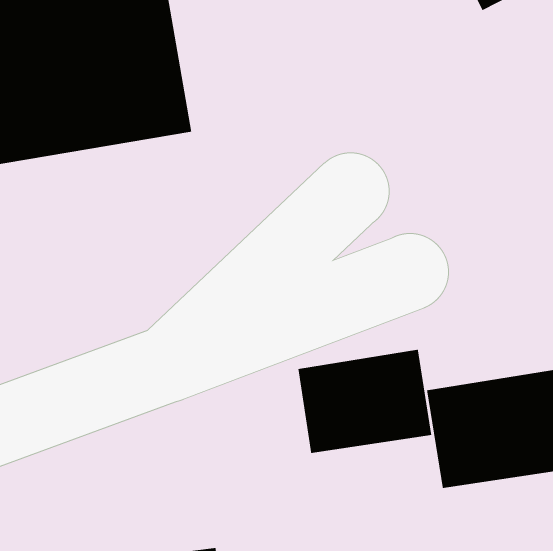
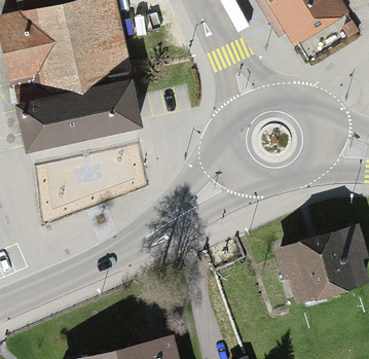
building: [298,349,432,454] -> none

